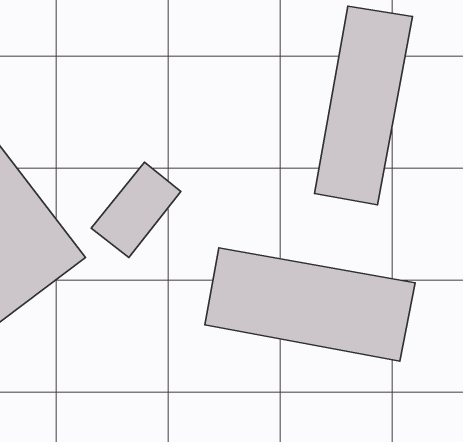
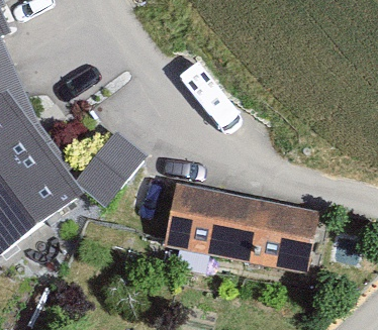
building: [315,6,412,205] -> none

